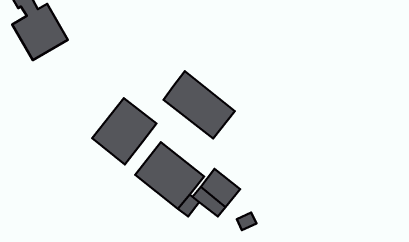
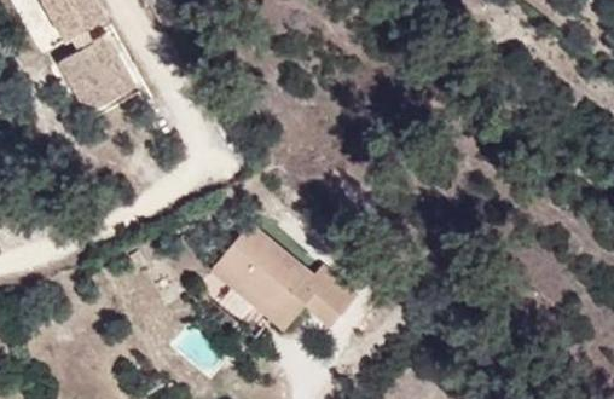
building: [163,71,235,139] -> none
building: [92,98,157,164] -> none

